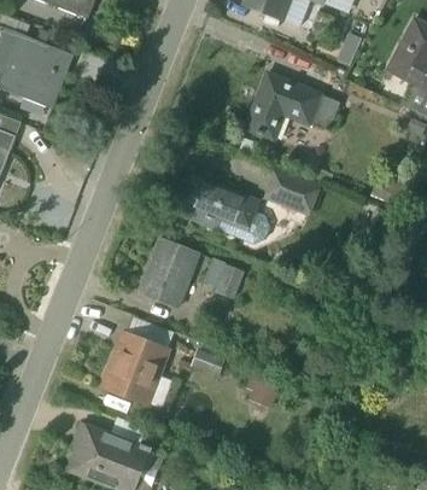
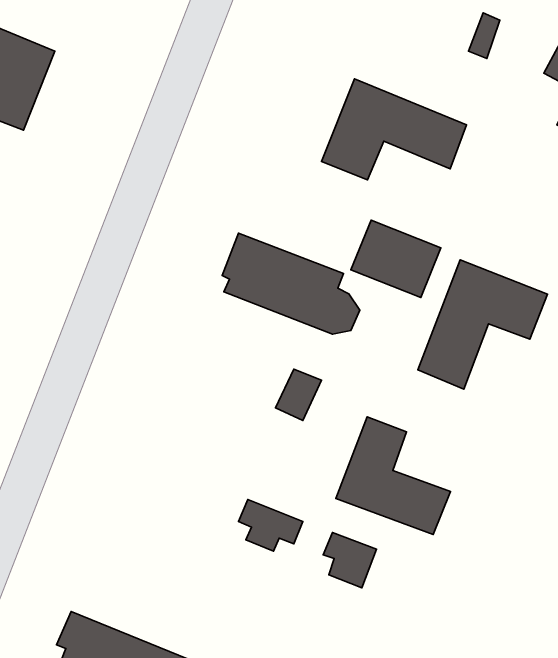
building: none -> [418,260,548,389]
building: [139,238,201,310] -> none
building: none -> [336,417,450,534]
building: [101,331,172,406] -> none

